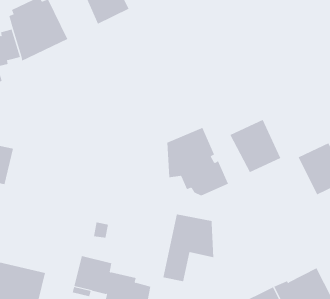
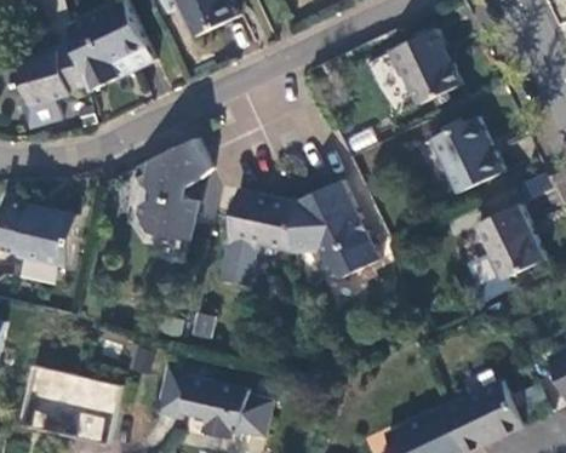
building: none -> [388,31,462,105]
building: none -> [133,138,210,237]
building: [230,119,281,173] -> [430,117,503,193]
building: [162,214,214,282] -> [219,190,292,286]

